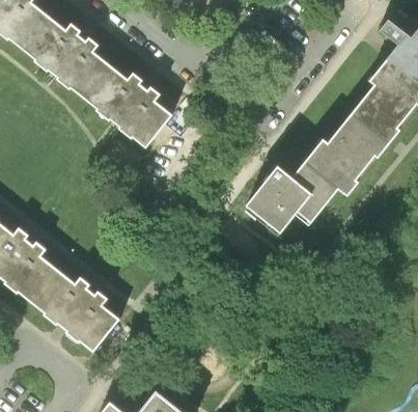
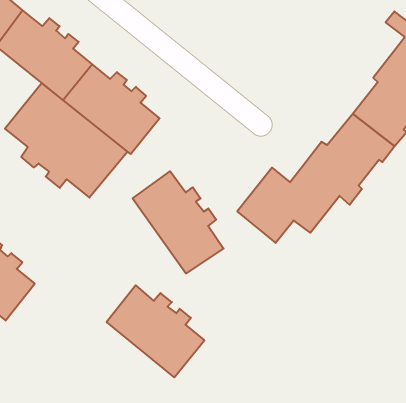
building: none -> [5,83,127,198]
building: none -> [133,171,224,273]
building: [30,268,120,353] -> [107,285,204,377]

